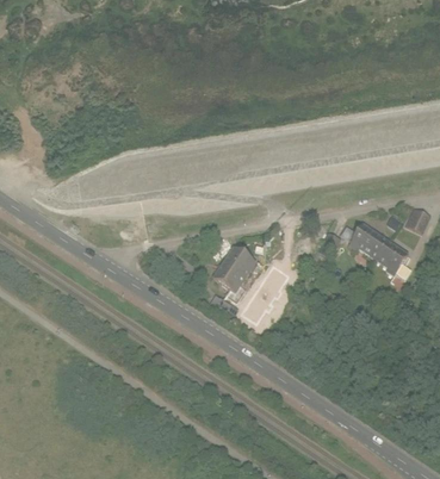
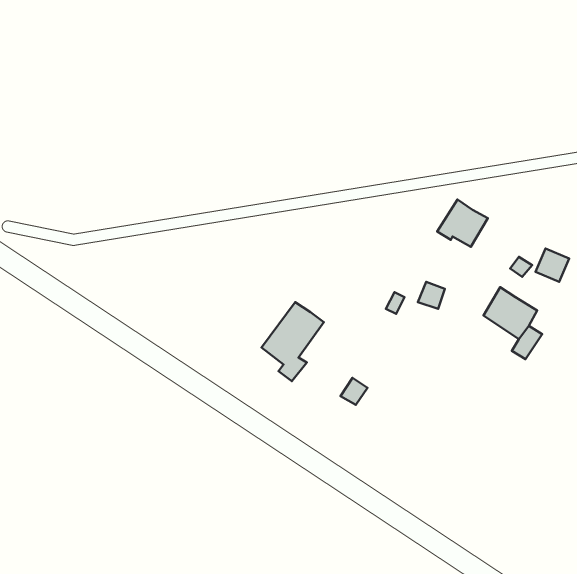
building: [345,222,380,255] -> [437,200,488,247]

